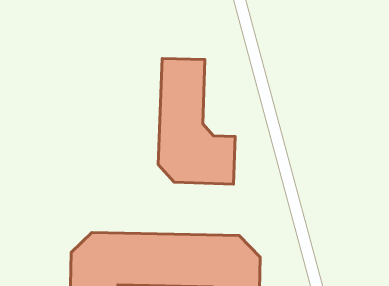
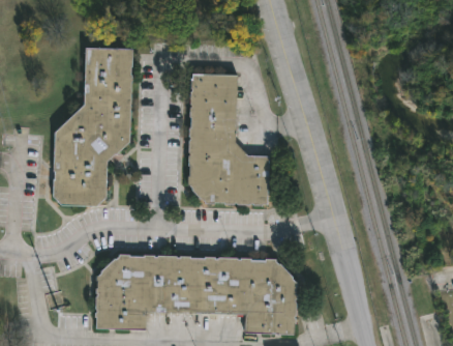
building: none -> [53,49,132,206]

